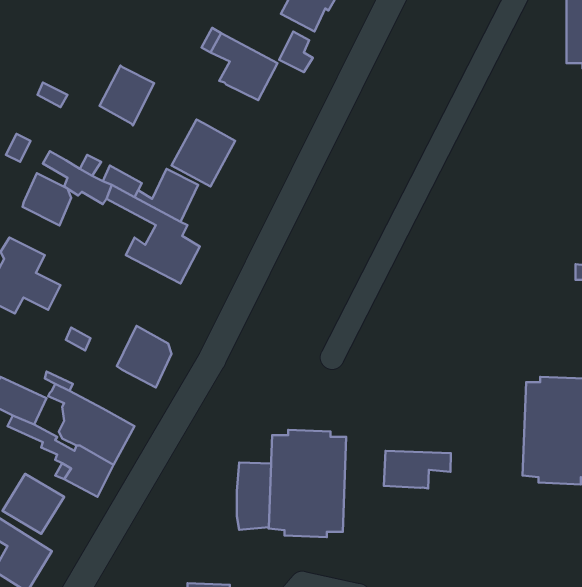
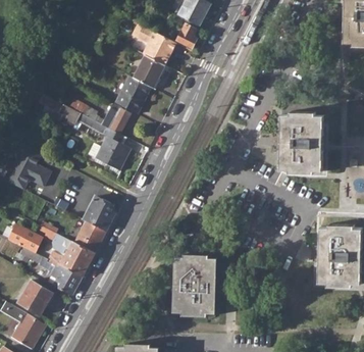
building: [99,65,154,125] -> [134,54,165,89]
building: [22,173,71,225] -> none
building: none -> [280,112,324,174]
building: none -> [75,220,106,253]
building: [384,451,451,488] -> none
building: [237,462,271,530] -> none

